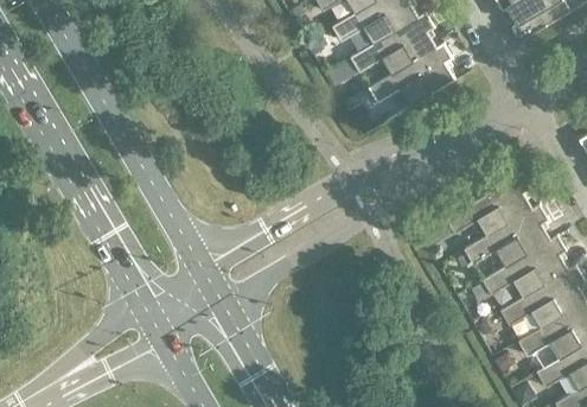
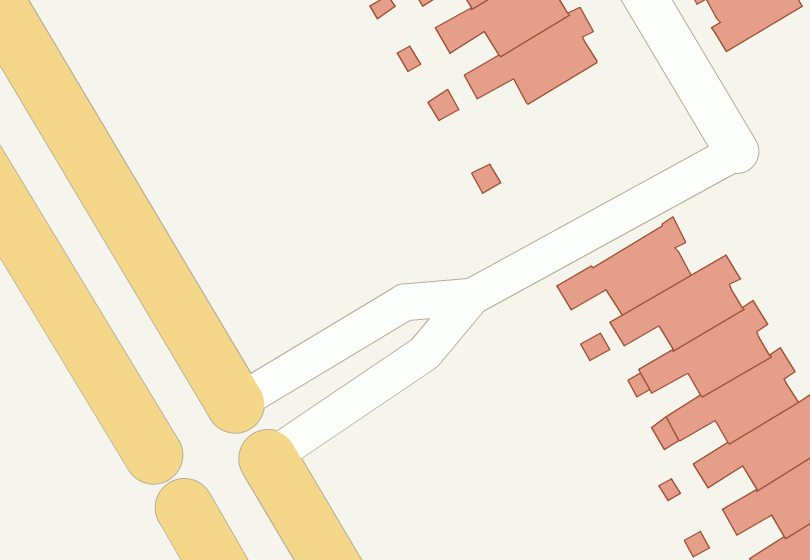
building: [366,42,454,106] -> [557,217,691,315]

